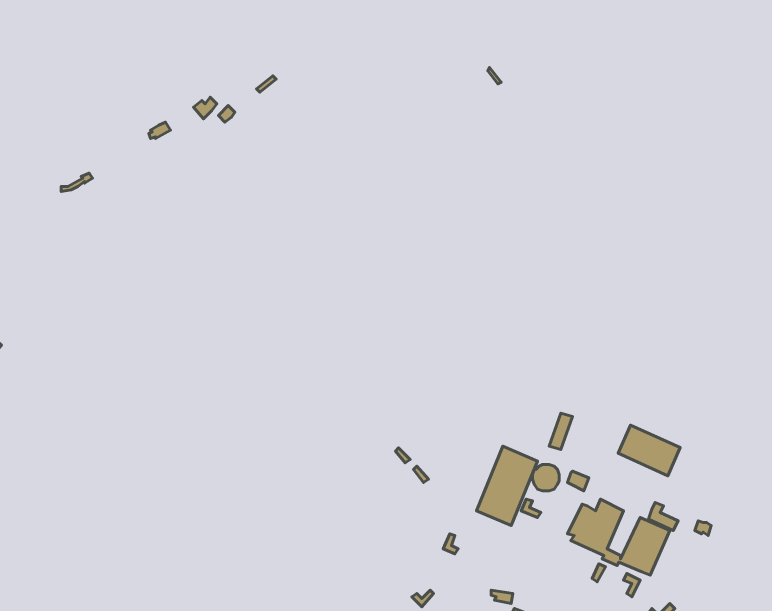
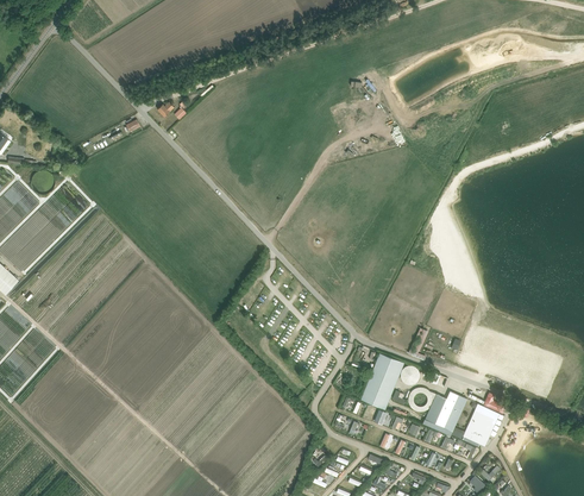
building: [618,425,680,476] -> none

